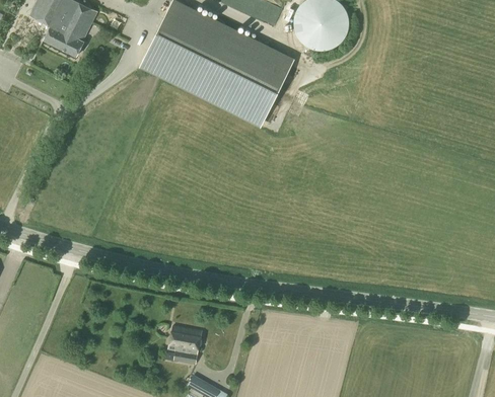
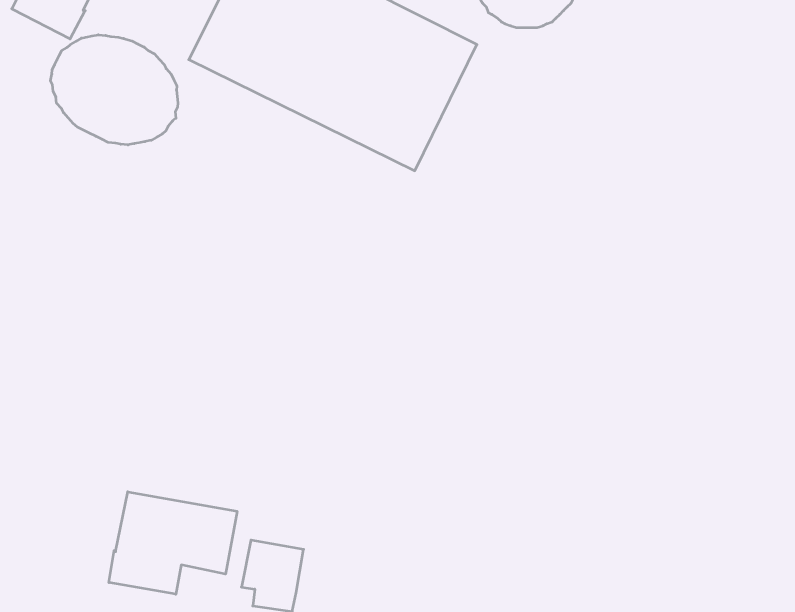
building: none -> [50,35,178,145]
building: none -> [109,492,237,594]

